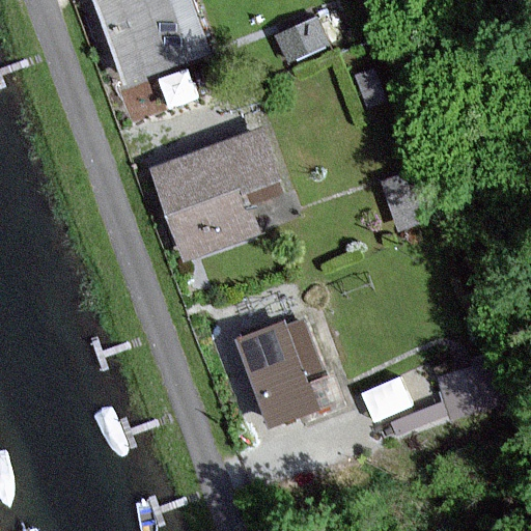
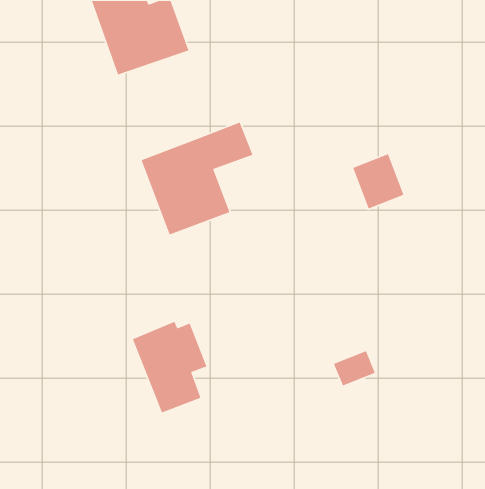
building: [234,323,316,423] -> [132,321,207,414]

